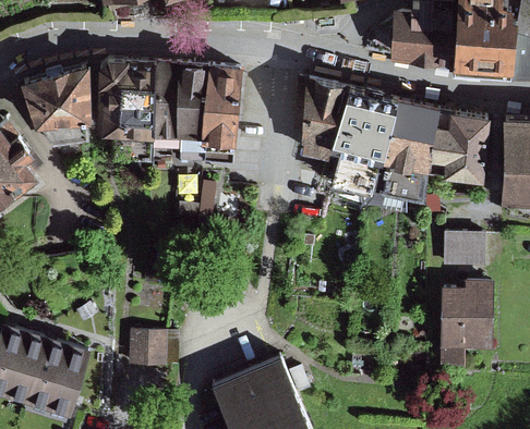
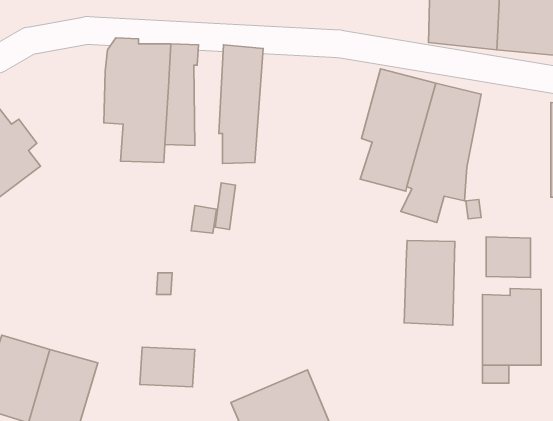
building: [21,60,92,151] -> none
building: [178,61,205,169] -> none
building: [292,76,348,160] -> none
building: [426,106,491,177] -> none
building: none -> [404,241,455,325]

